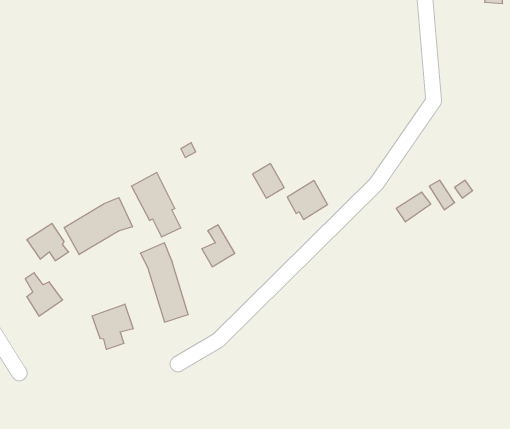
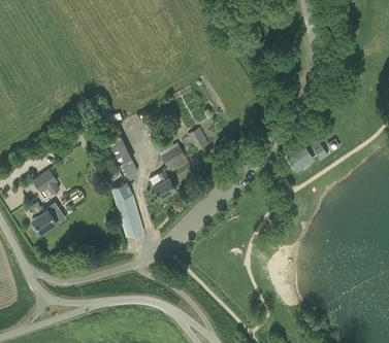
building: [287,181,328,219] -> [161,145,189,172]
building: [64,198,132,255] -> none
building: [92,304,133,349] -> none

